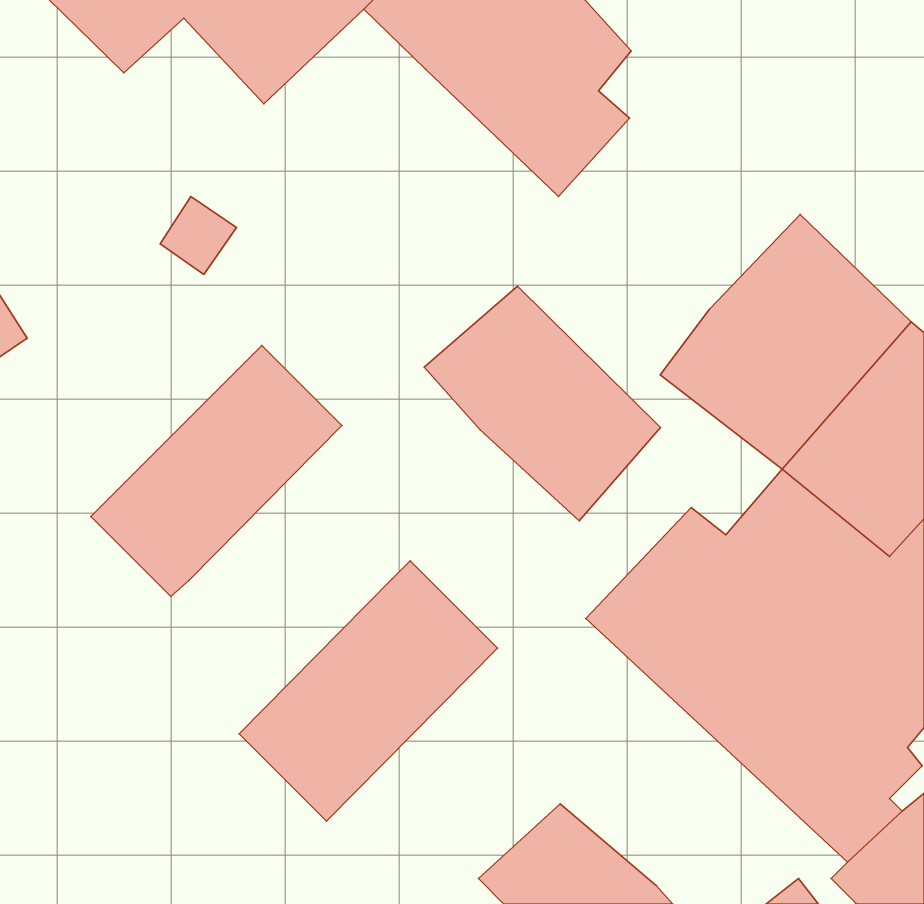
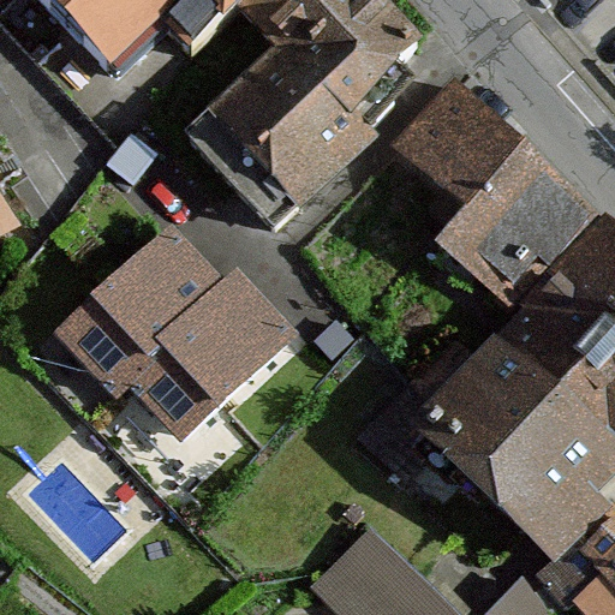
building: none -> [187,46,381,225]
building: none -> [395,80,529,204]
building: [424,286,661,521] -> none
building: [239,561,497,821] -> [125,269,295,441]

